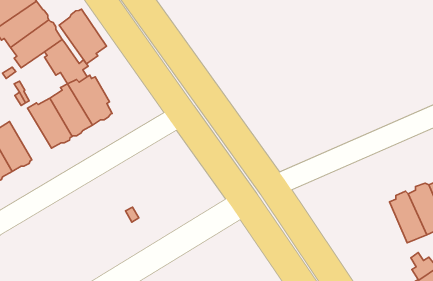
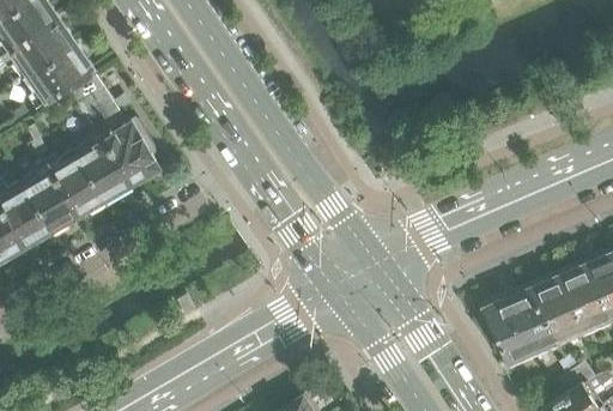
building: [59,9,106,64] -> none
building: none -> [23,162,79,231]
building: none -> [482,288,557,363]

